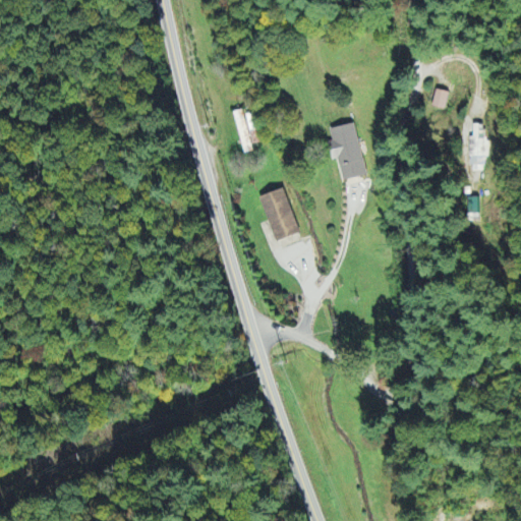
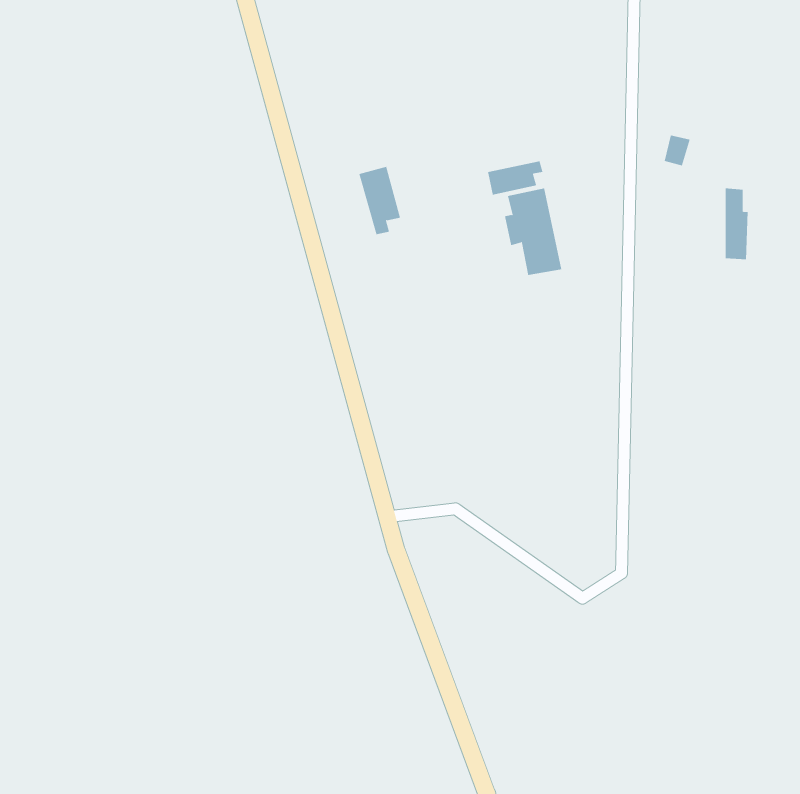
building: none -> [487,161,543,196]
building: [259,187,300,241] -> none

